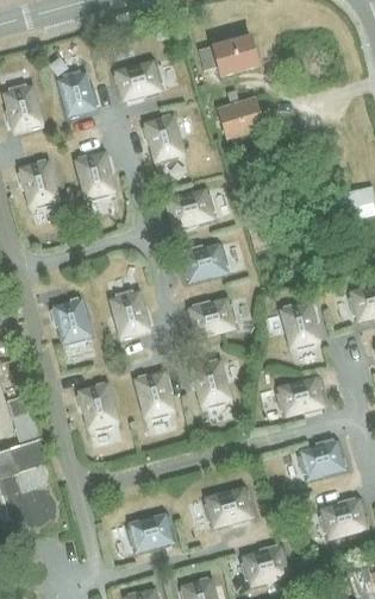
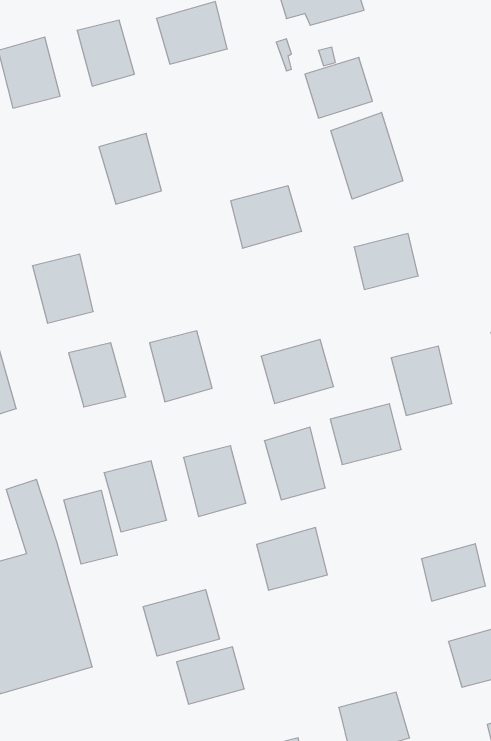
building: [142,113,186,163] -> none
building: none -> [331,112,403,199]
building: [17,158,60,207] -> [32,254,93,323]
building: [181,242,226,282] -> [354,234,418,289]
building: [275,374,325,417] -> [330,404,401,465]
building: none -> [64,490,117,564]
building: none -> [143,590,219,656]
building: [202,484,252,528] -> [257,528,327,590]

